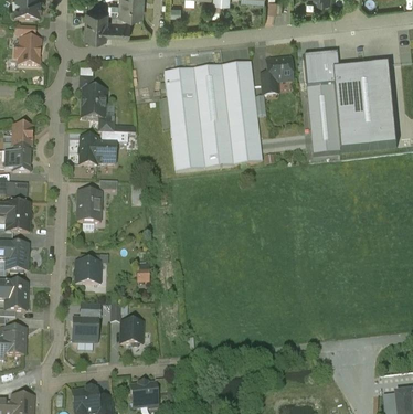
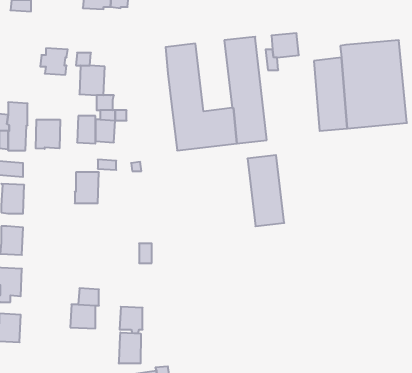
building: [14,38,41,63] -> [40,48,68,75]
building: [304,52,338,83] -> none
building: [193,63,229,131] -> [247,155,284,226]
building: none -> [36,120,60,149]
building: [76,261,99,282] -> none
building: none -> [119,332,141,364]

